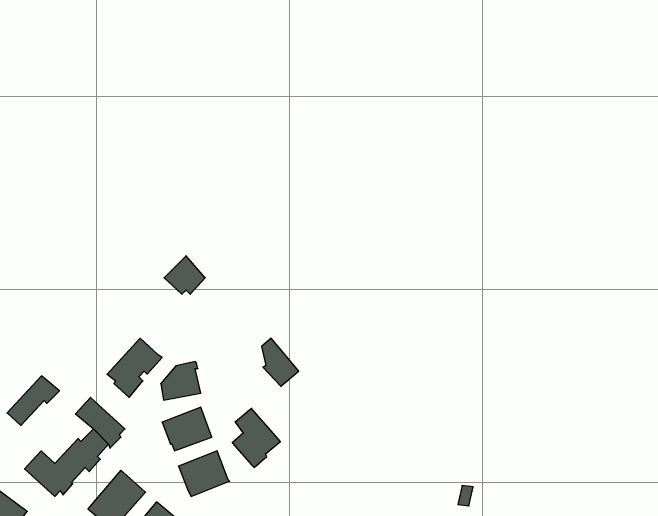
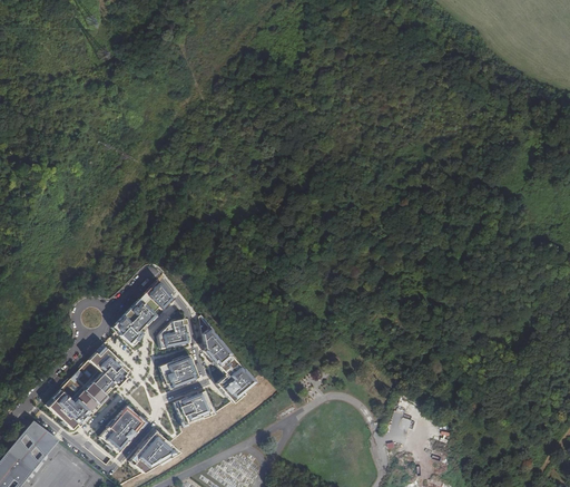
building: [164,256,205,294] -> [141,280,175,311]
building: [262,338,299,386] -> [203,327,233,366]
building: [7,376,59,425] -> [61,359,104,399]

